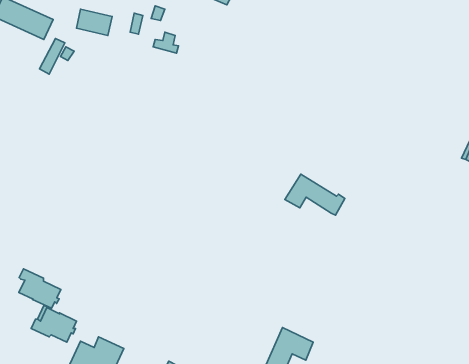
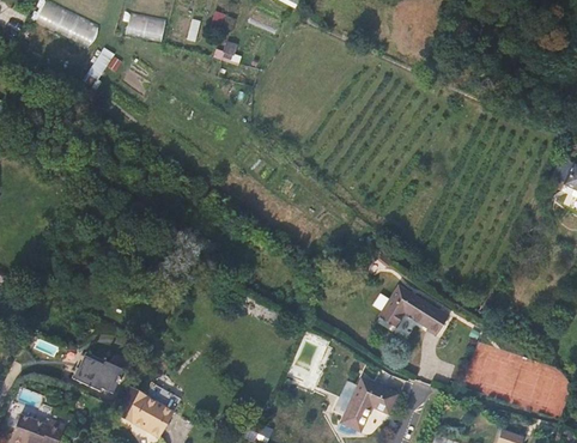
building: [285,174,345,215] -> [379,286,448,333]
building: [19,269,61,308] -> none

